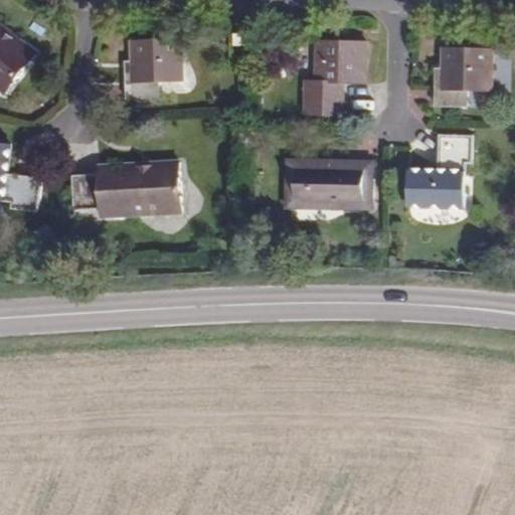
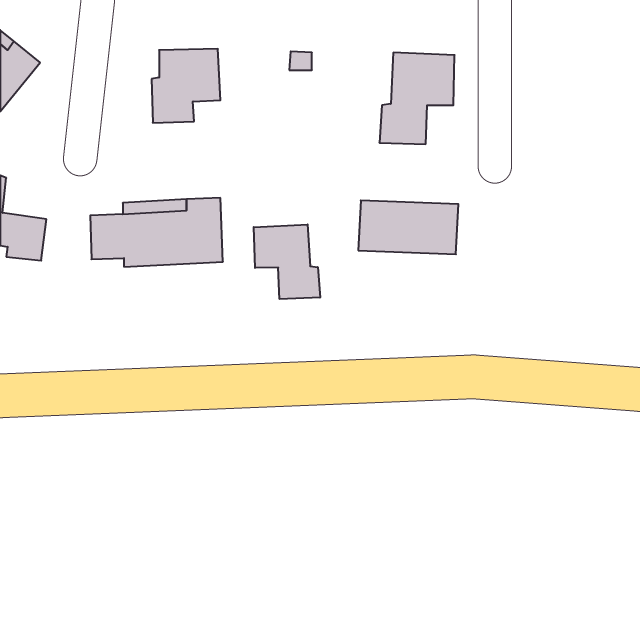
building: [436,48,491,107] -> none
building: [406,135,471,208] -> none
building: none -> [254,224,320,299]

